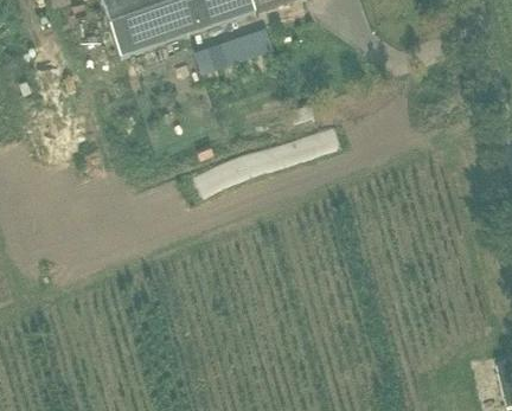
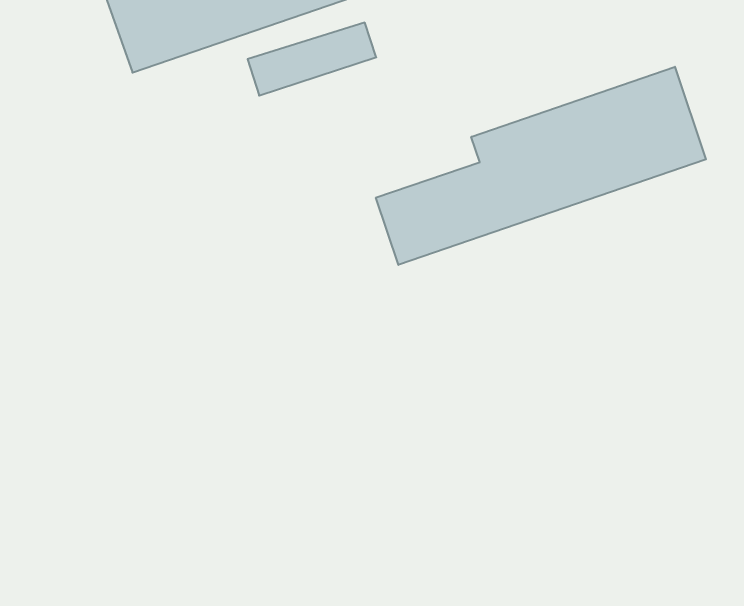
building: none -> [376,67,706,265]

